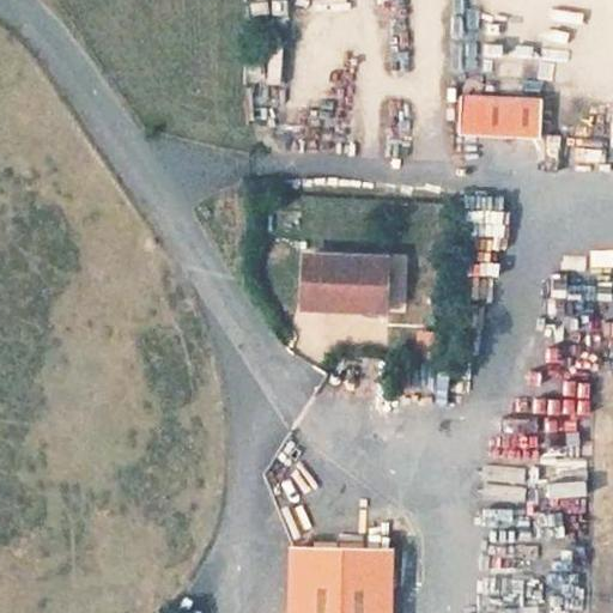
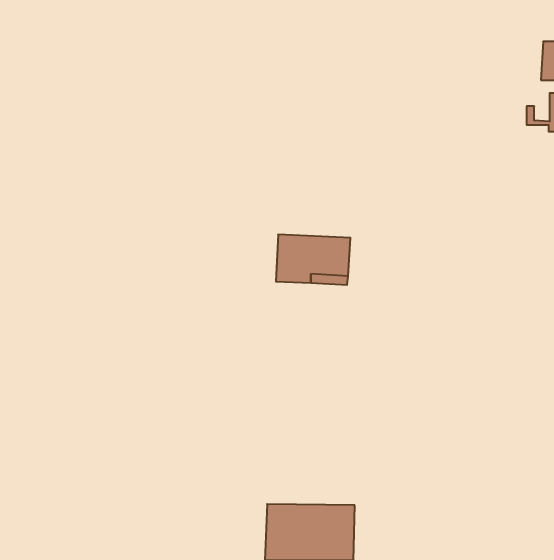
building: [459,93,541,136] -> none

